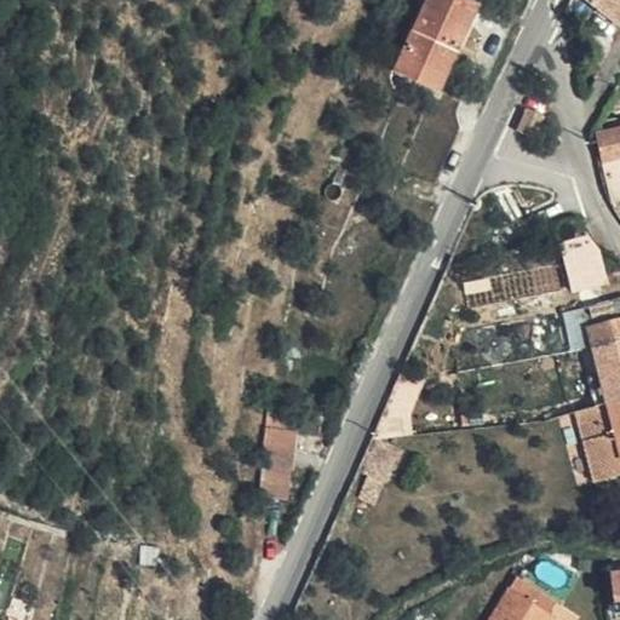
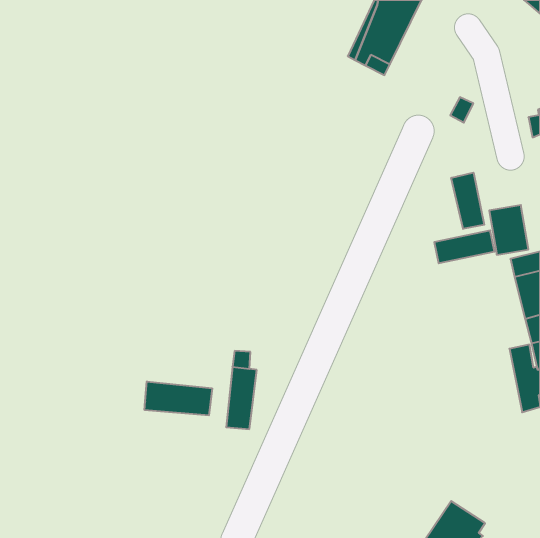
building: none -> [451,173,484,229]
building: none -> [145,381,212,415]

